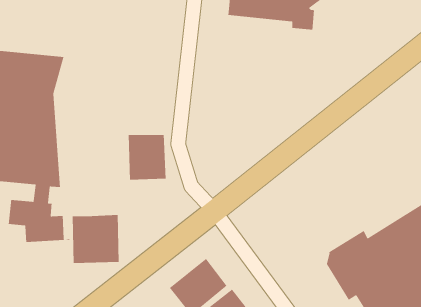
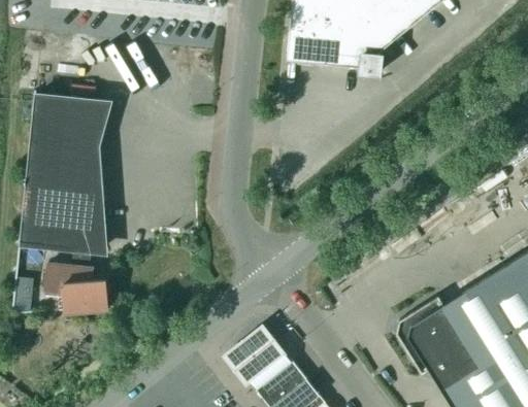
building: [128,134,166,180] -> none
building: [72,214,119,264] -> none

